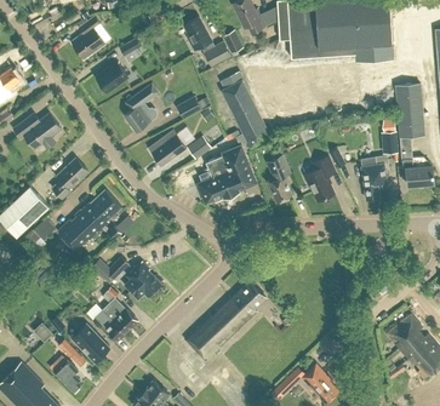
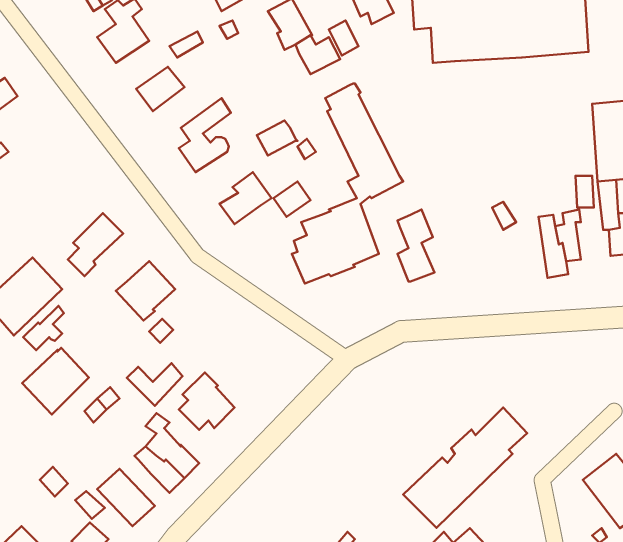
building: [13,114,62,149] -> none
building: [304,158,335,201] -> none
building: [58,208,102,252] -> [22,348,89,415]
building: [184,282,265,361] -> [403,407,527,528]

